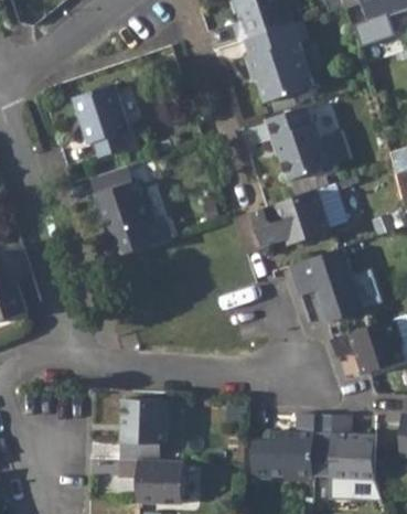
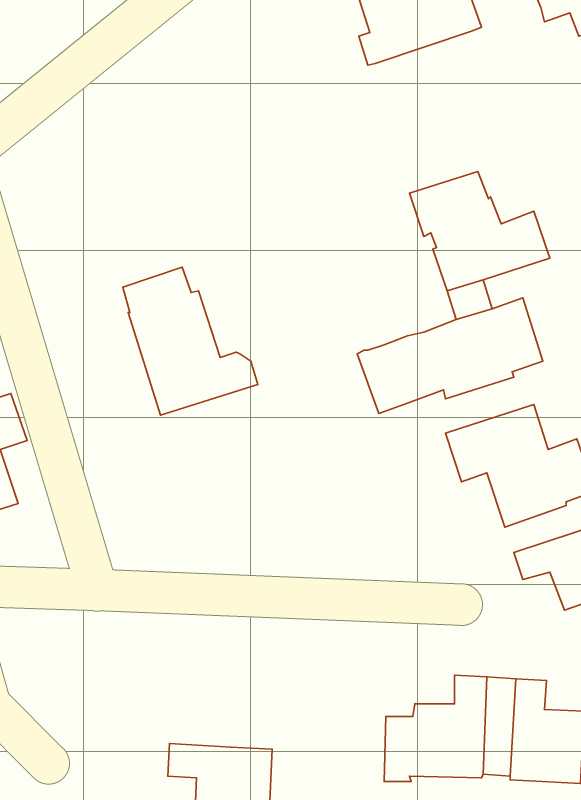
building: [244,21,313,104] -> none
building: [72,85,129,158] -> none
building: [118,397,163,459] -> none

